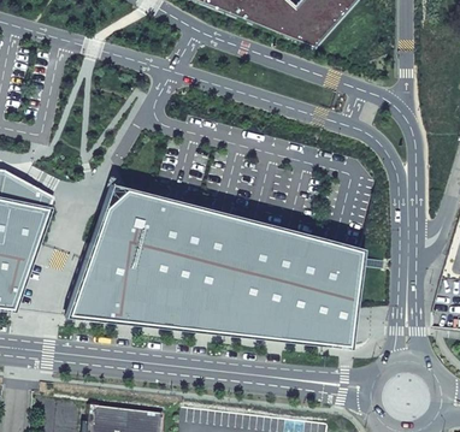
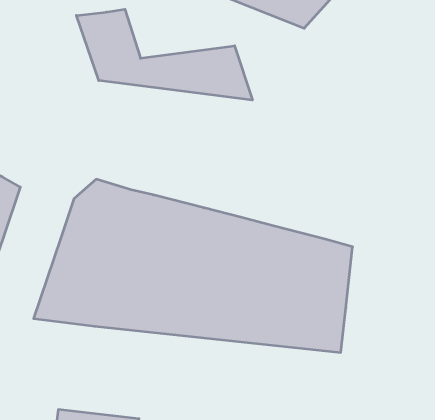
building: none -> [76,9,252,100]

